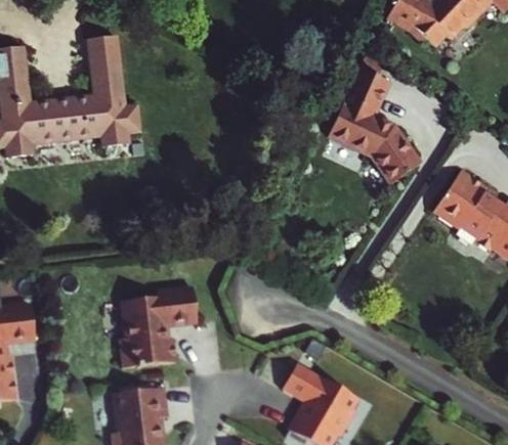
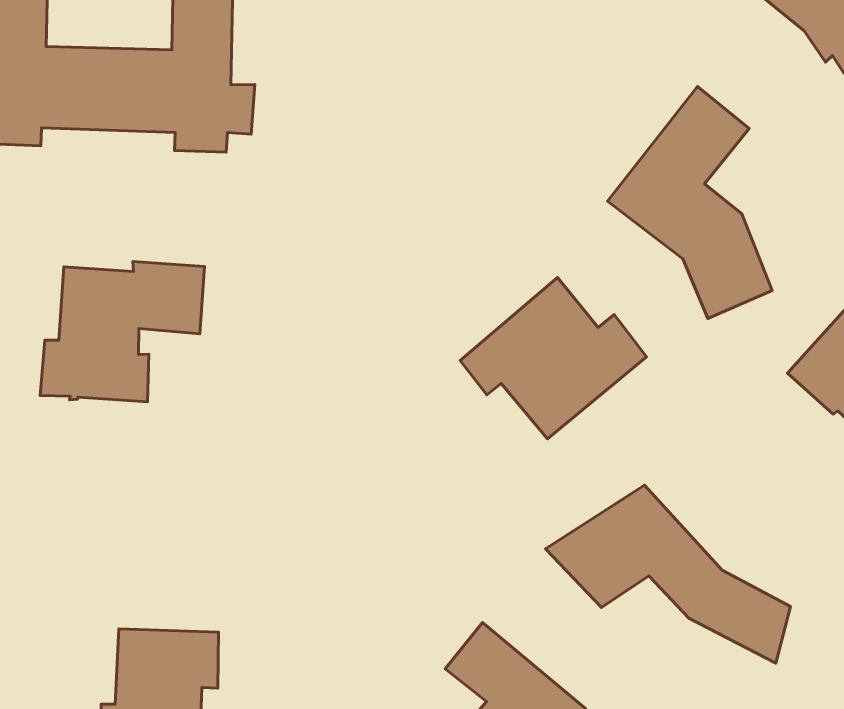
building: none -> [460,277,646,439]
building: none -> [546,485,791,663]
building: [119,287,198,366] -> [40,261,204,402]

